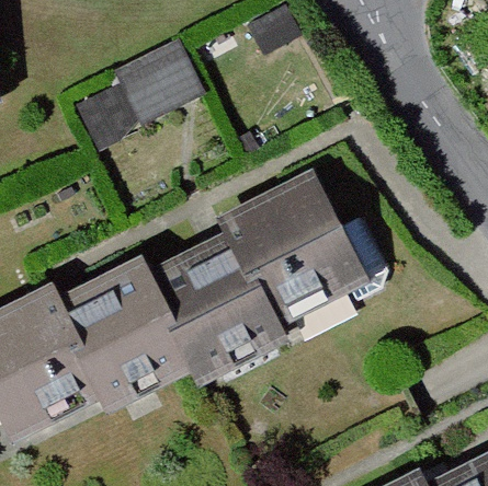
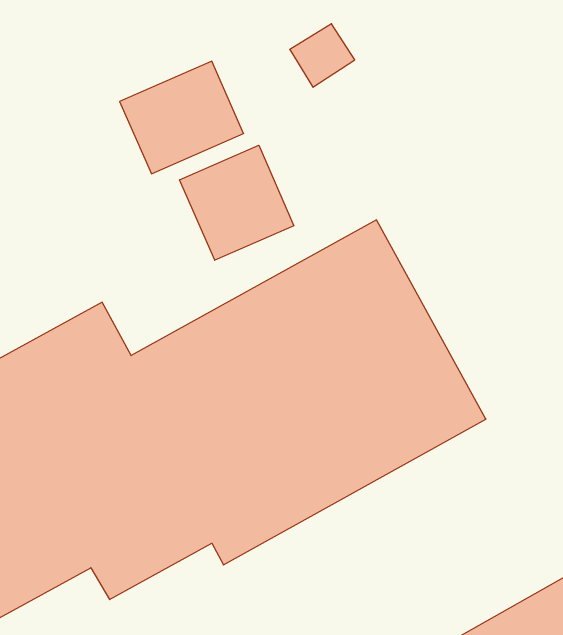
building: none -> [180,145,294,260]

